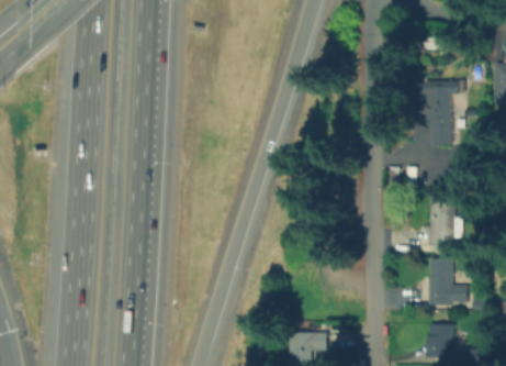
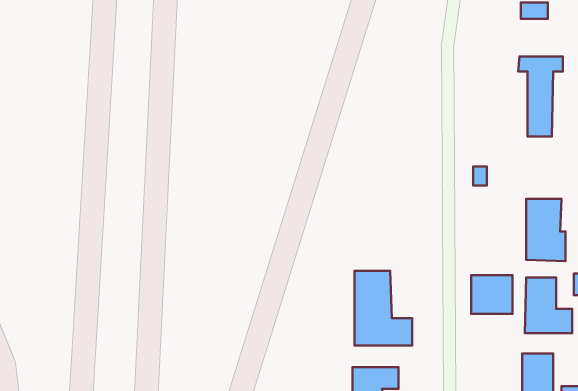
building: none -> [355,271,412,345]
building: none -> [471,275,512,314]

